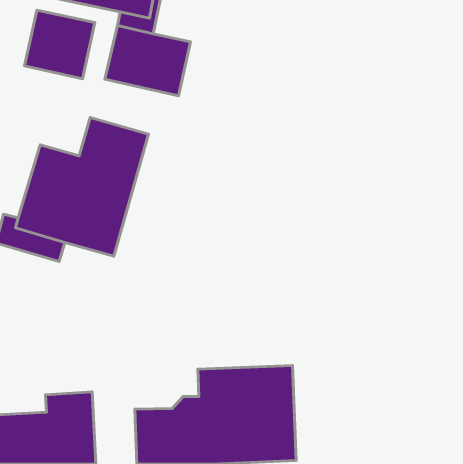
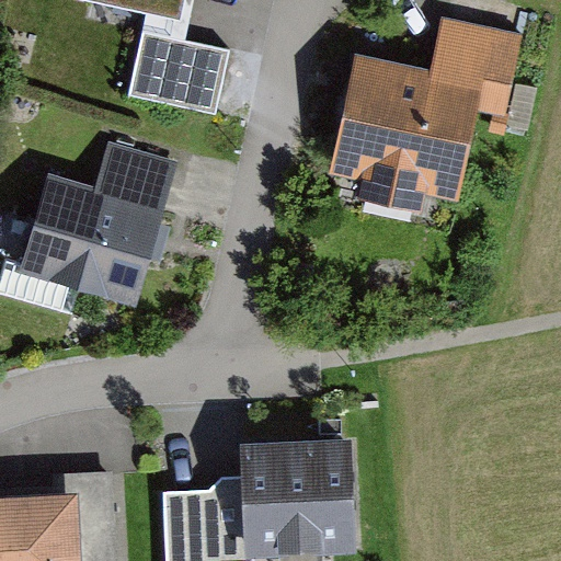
building: [25,10,95,79] -> none
building: none -> [327,19,522,214]

